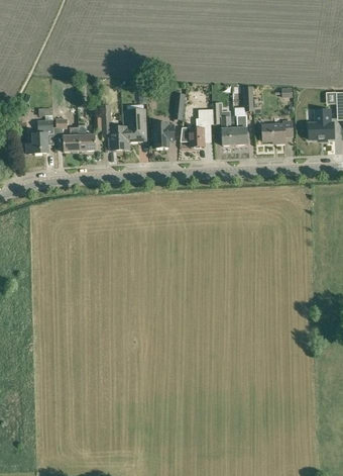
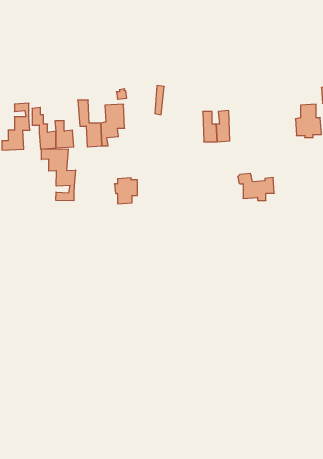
building: [257,116,293,142] -> [238,173,274,200]
building: [181,117,211,146] -> none
building: [151,122,174,148] -> [114,178,137,204]
building: none -> [41,149,76,201]

